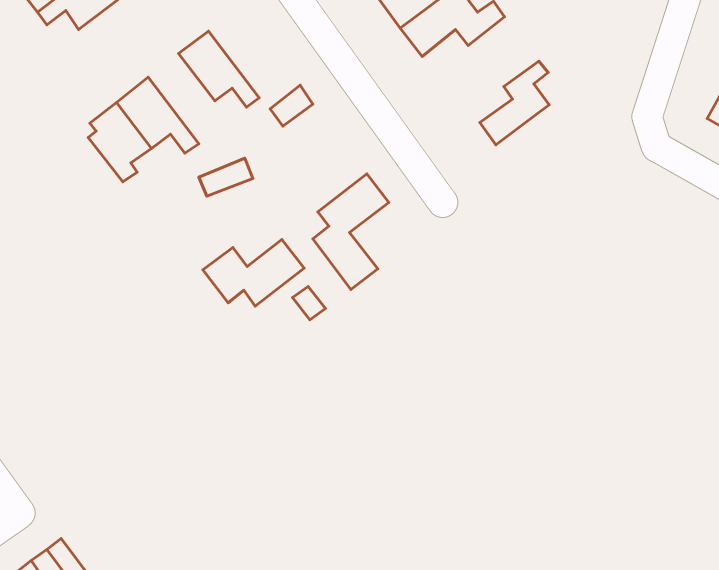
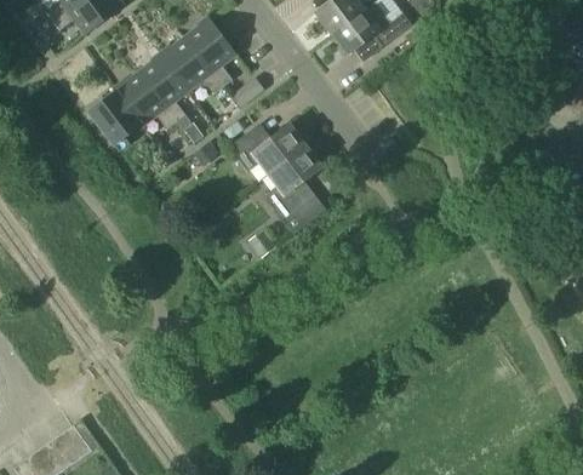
building: none -> [185,18,238,87]
building: none -> [139,53,190,122]
building: [480,61,549,145] -> none
building: [203,240,304,306] -> [229,124,307,174]

